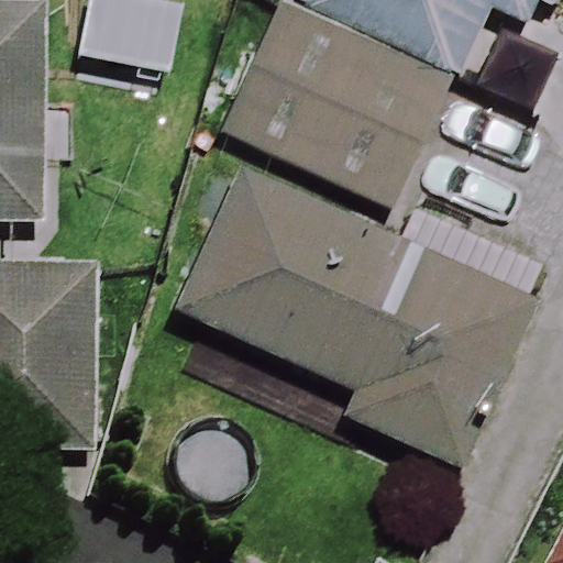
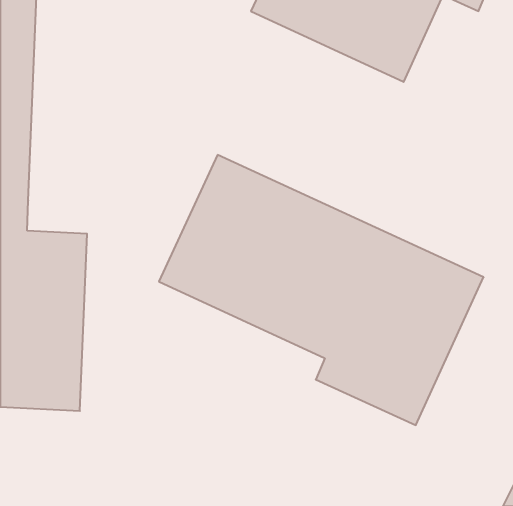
building: [225,12,443,201] -> none

